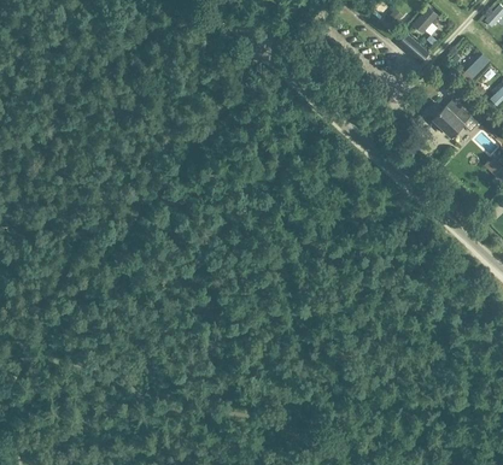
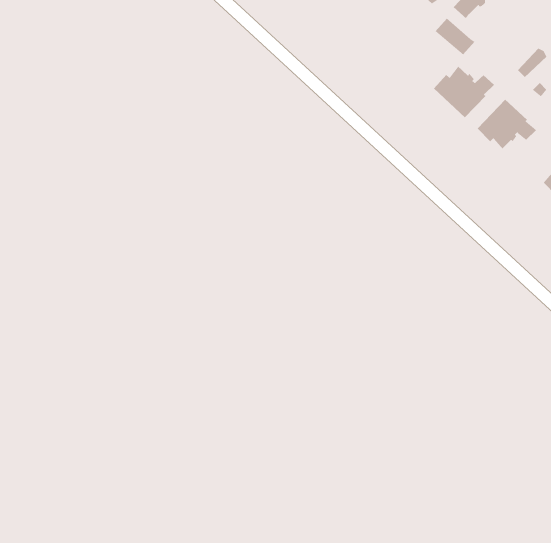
building: none -> [433,66,495,118]

